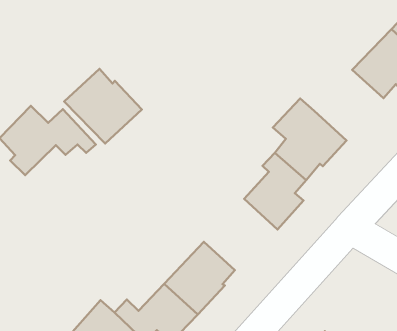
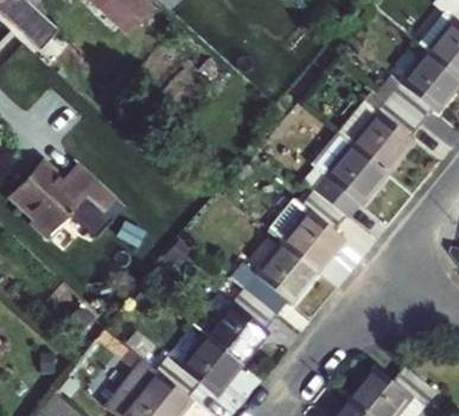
building: [64,69,142,144] -> none
building: none -> [345,101,416,174]
building: none -> [240,242,315,316]

